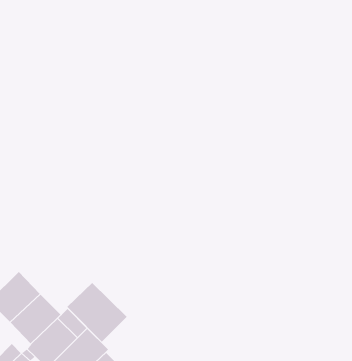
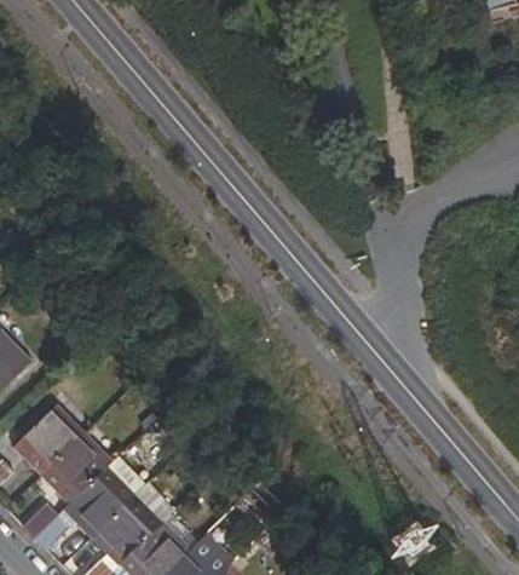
building: [67,282,128,343] -> none

